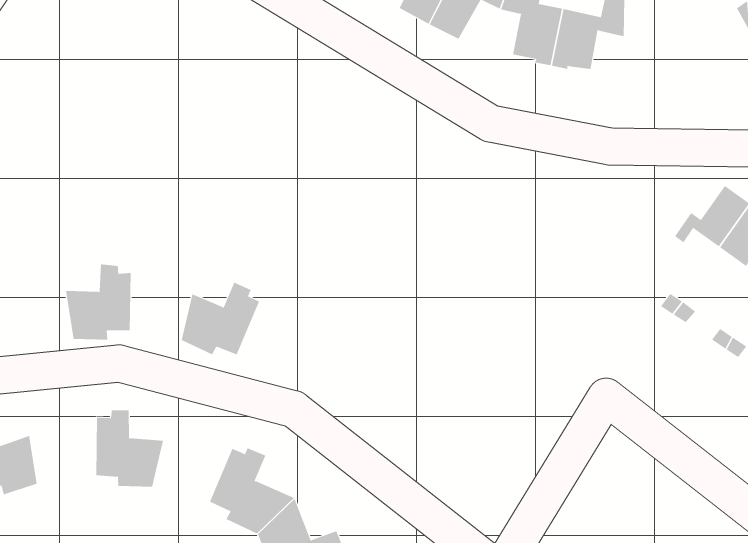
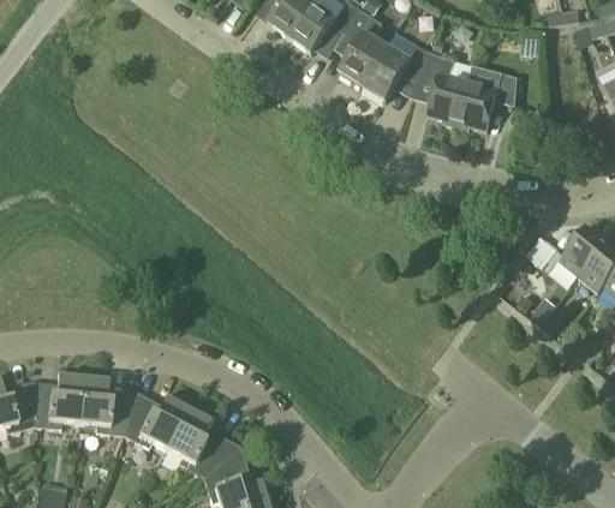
building: [65,264,131,340] -> [29,367,82,428]
building: [181,282,260,355] -> [123,390,186,448]

